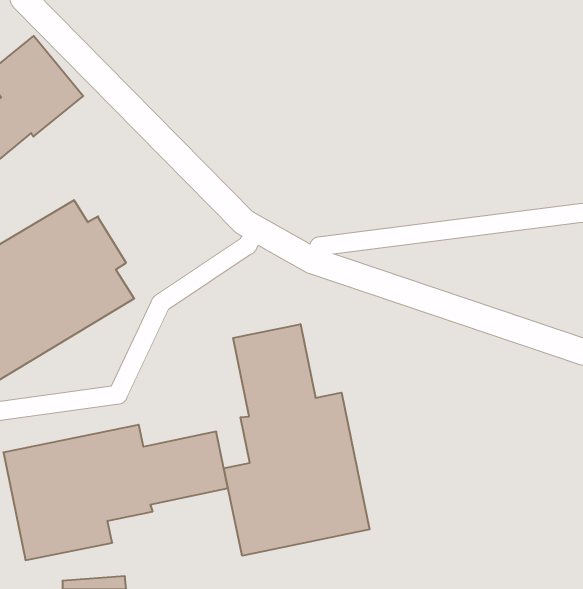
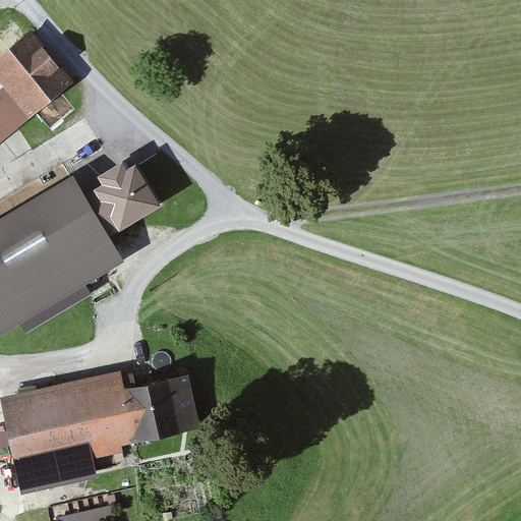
building: none -> [86,162,155,233]
building: [224,324,370,556] -> none

